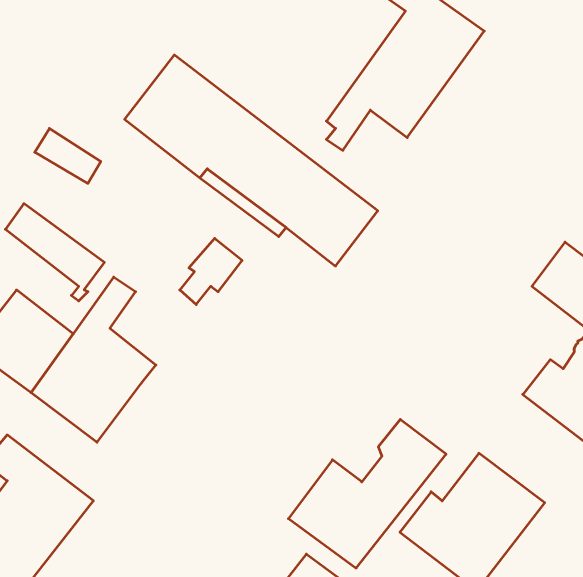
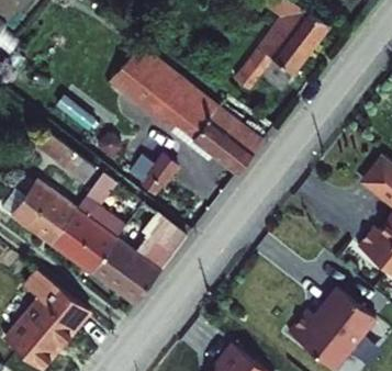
building: [288,419,446,568] -> [94,215,189,304]

